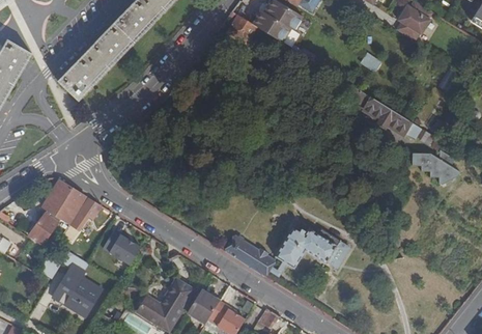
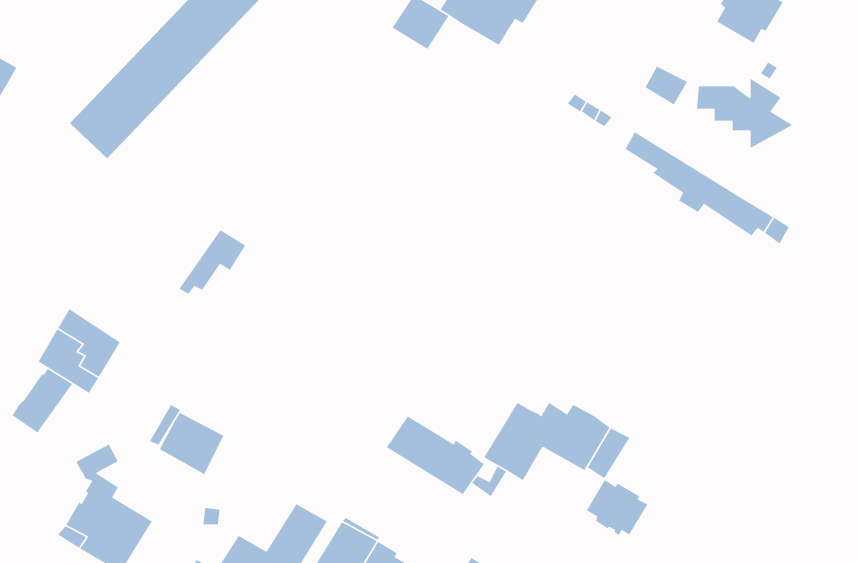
building: [410,148,461,186] -> [696,78,794,149]
building: [65,197,101,231] -> [178,229,246,295]
building: none -> [586,479,648,536]

